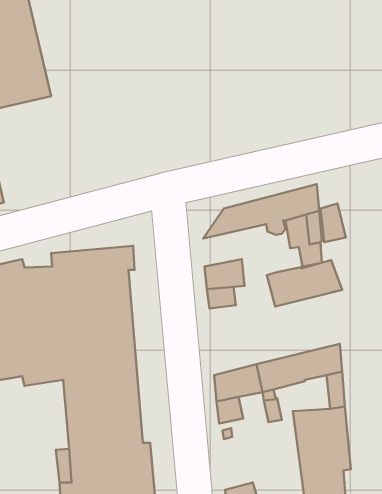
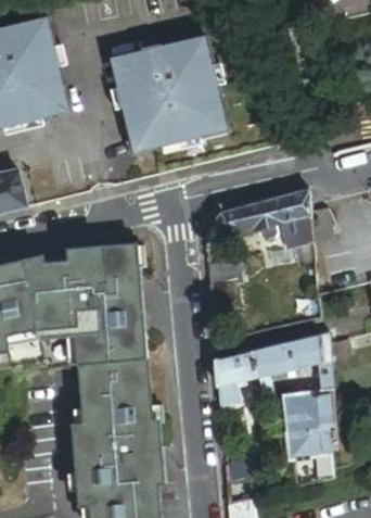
building: none -> [110,36,225,151]
building: [267,260,342,306] -> none

